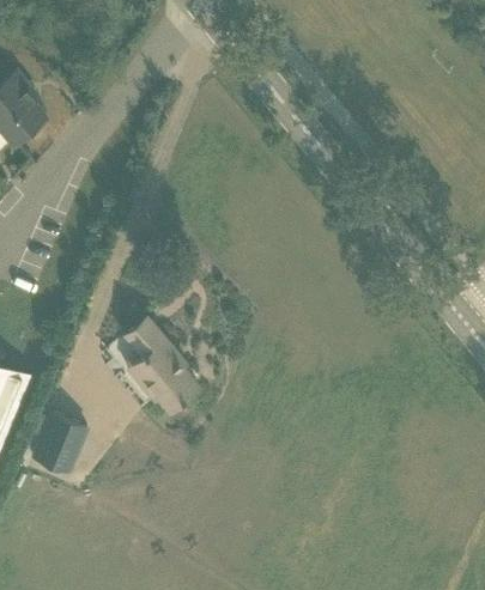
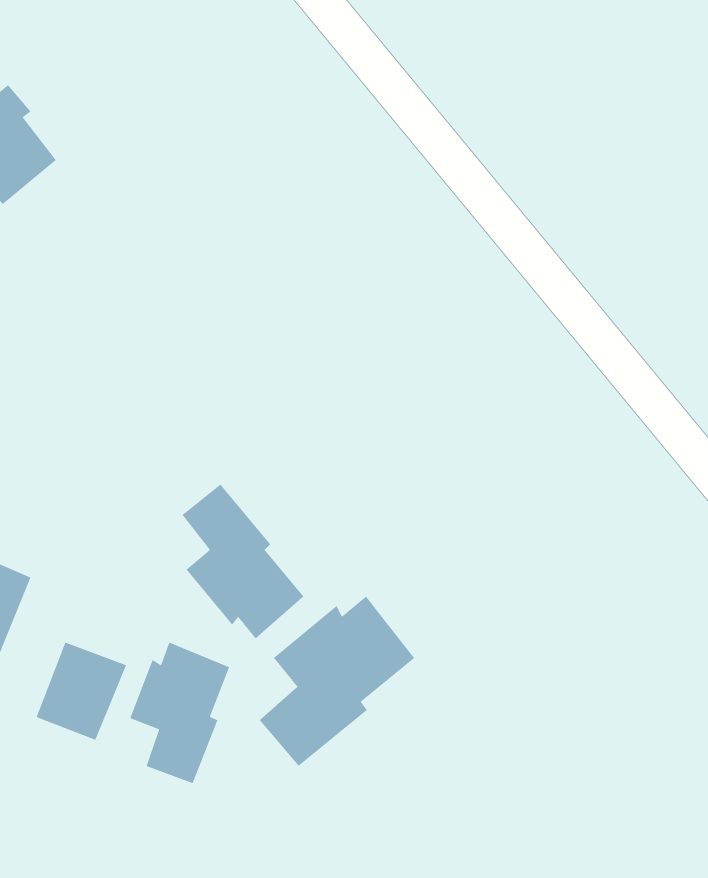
building: none -> [259,595,415,767]
building: none -> [129,641,230,784]

